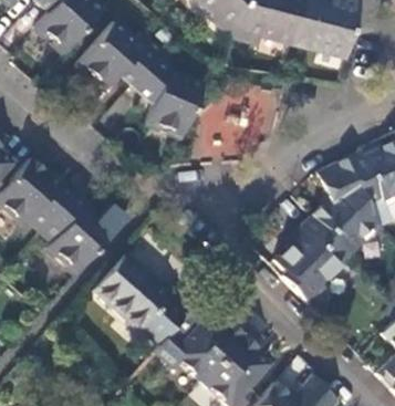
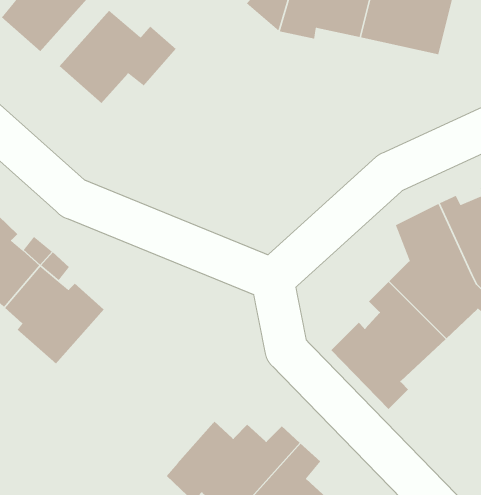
building: [138,51,204,138] -> none
building: [204,80,281,158] -> none
building: [95,254,187,343] -> none

